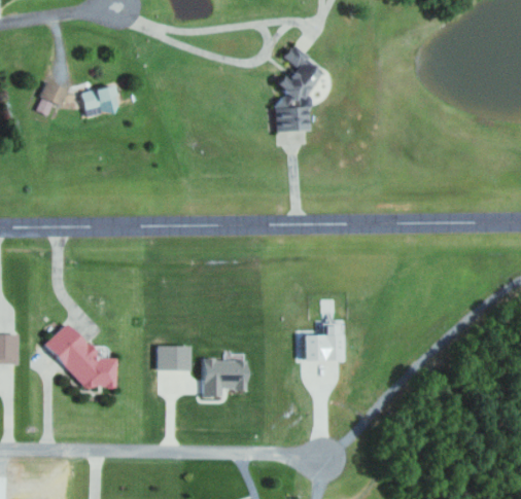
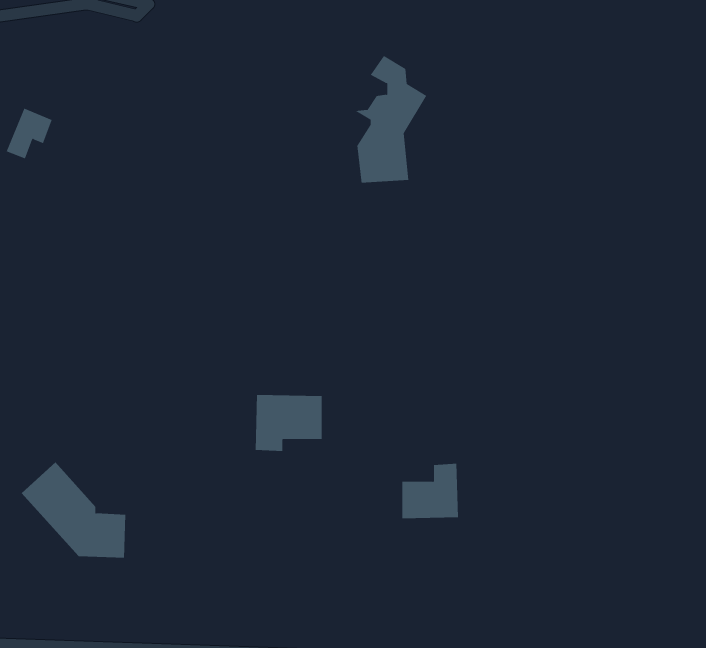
building: [80,84,118,117] -> none
building: [157,345,190,370] -> none
building: [202,359,248,398] -> [255,394,322,452]

